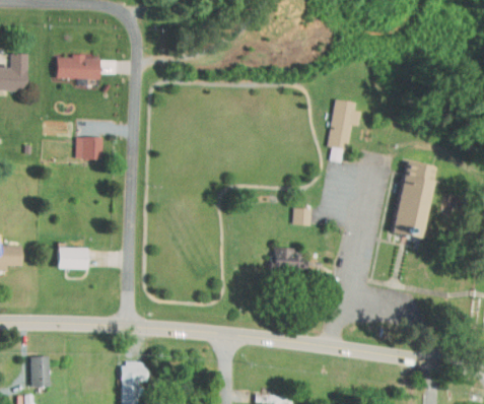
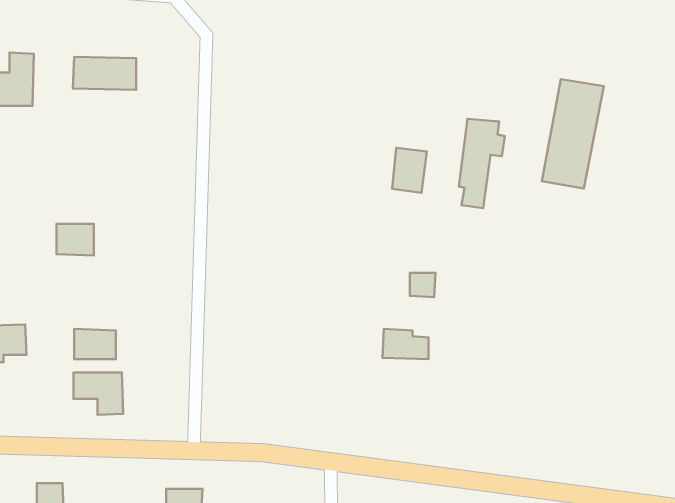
building: none -> [392,148,427,193]
building: [76,137,102,159] -> [56,224,94,255]
building: [393,161,436,239] -> [542,79,604,188]
building: none -> [73,372,123,415]

